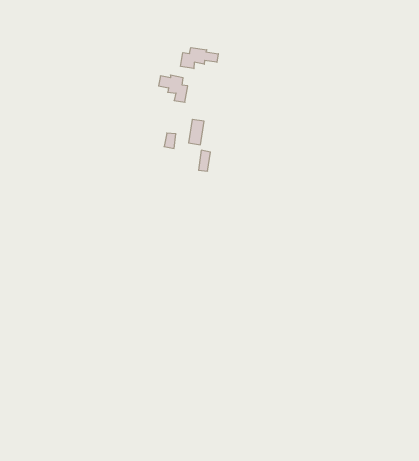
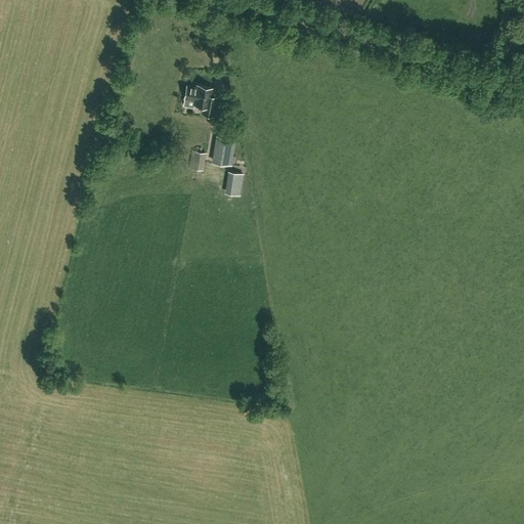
building: [181,48,218,69] -> none

